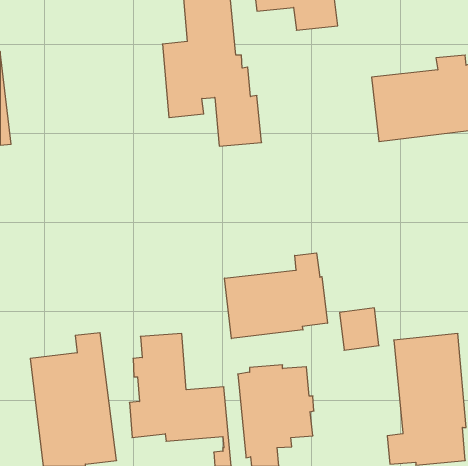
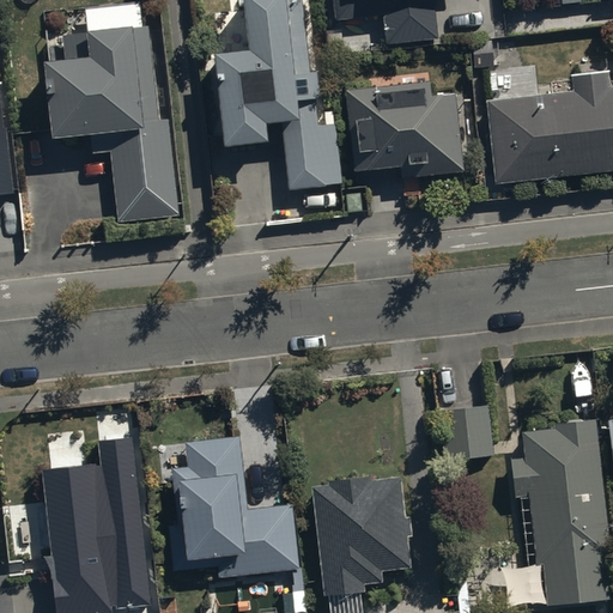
building: none -> [47,28,178,223]
building: none -> [345,80,462,176]
building: [225,253,327,339] -> none

